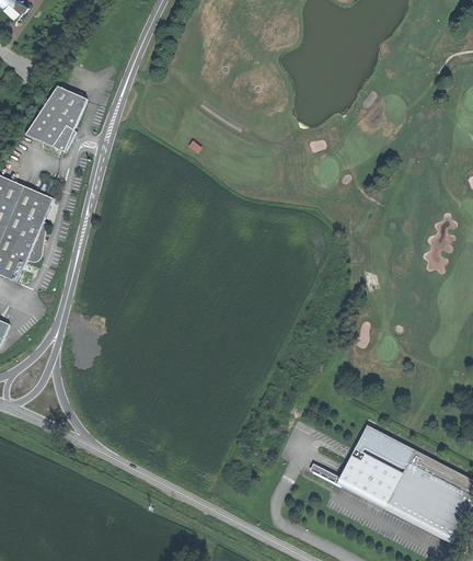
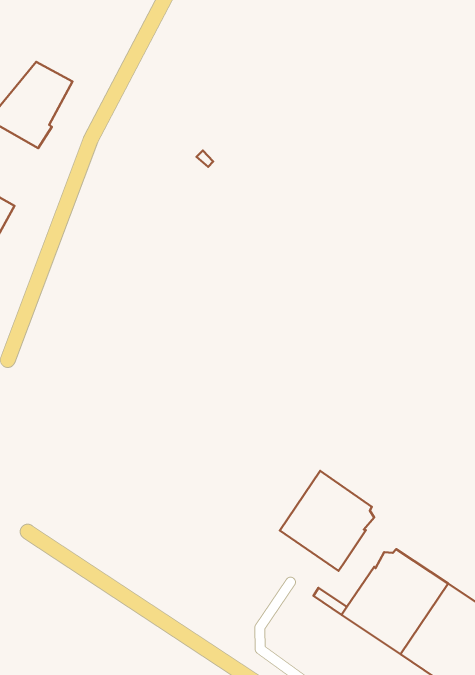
building: none -> [280,471,374,571]

